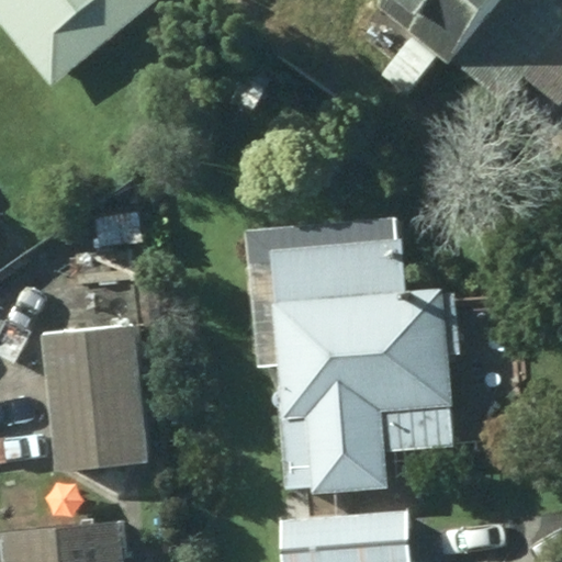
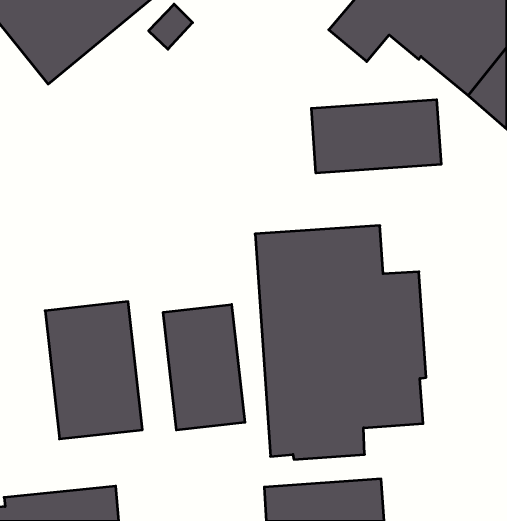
building: none -> [311,100,441,173]
building: none -> [163,304,245,430]

